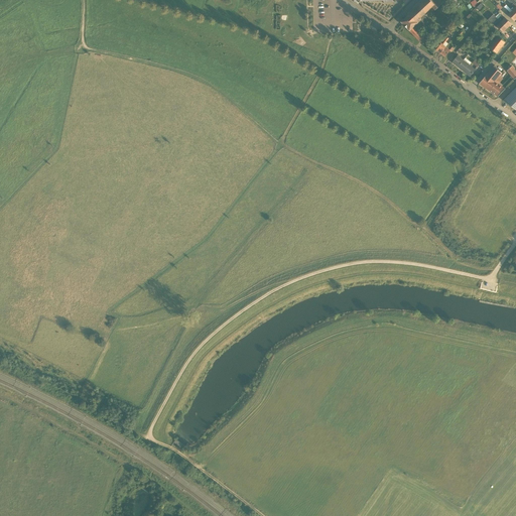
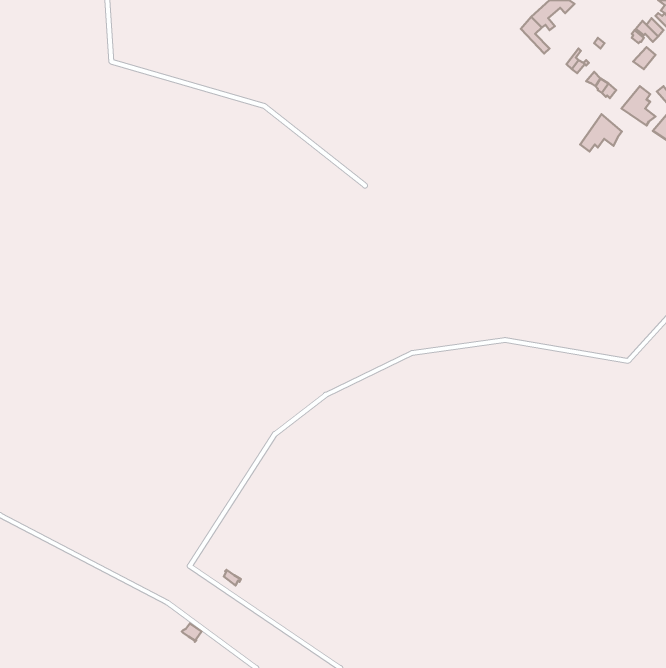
building: none -> [580,114,622,151]

